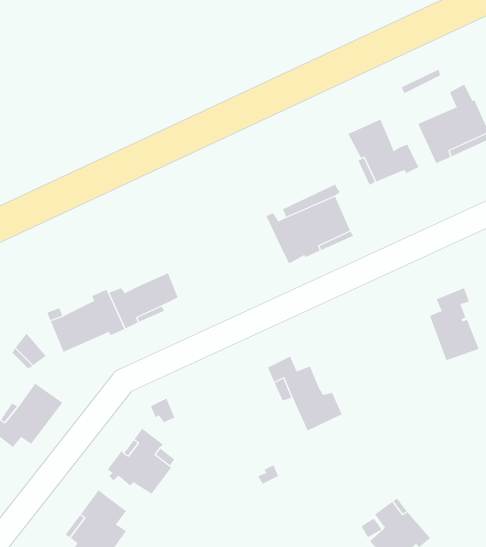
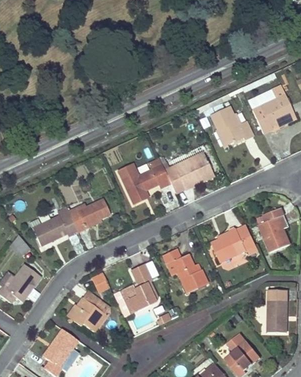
building: none -> [119,158,170,203]
building: none -> [211,225,256,262]
building: none -> [113,264,156,317]
building: none -> [267,289,287,332]

